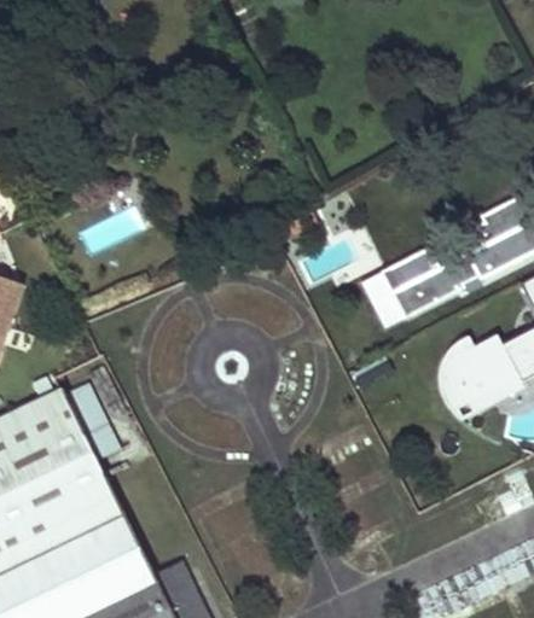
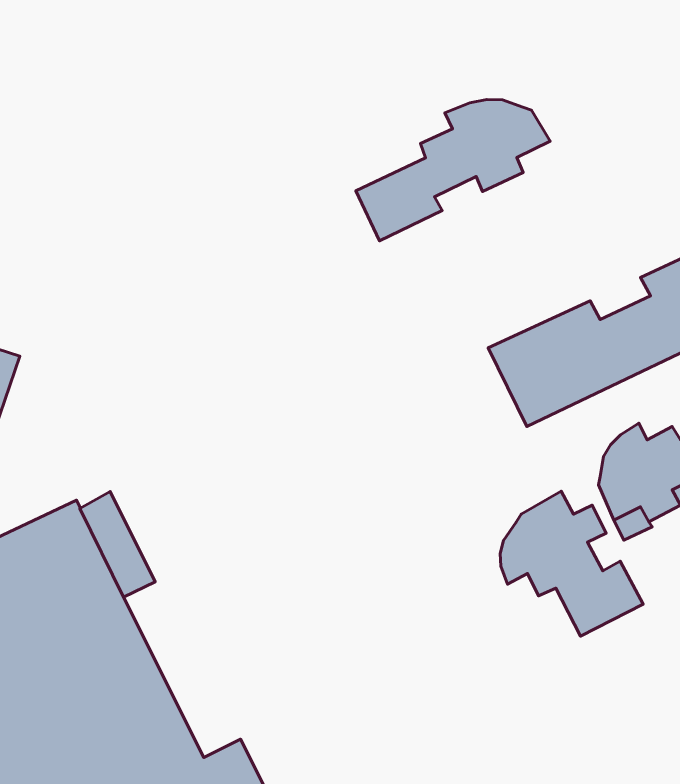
building: none -> [356,99,550,241]
building: none -> [500,491,643,636]

